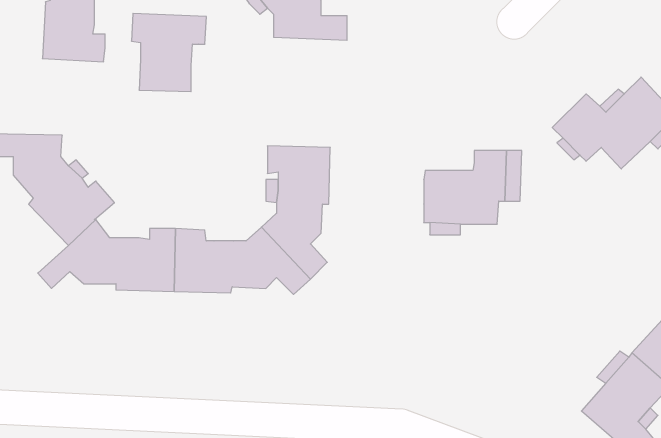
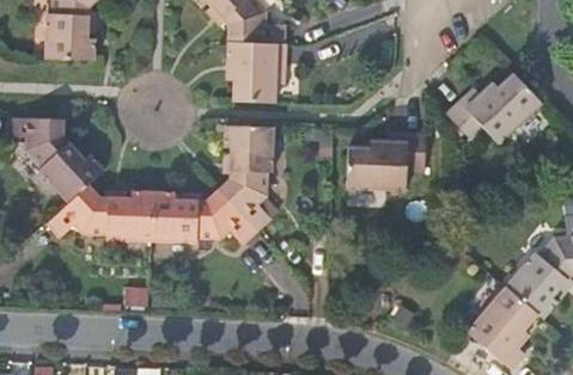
building: [131,13,206,92] -> [227,41,286,102]

